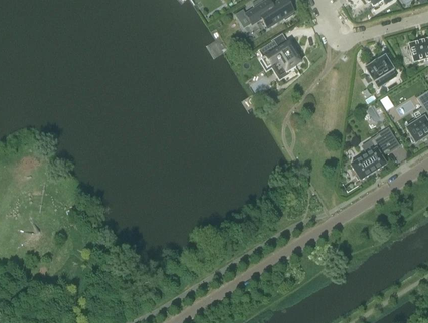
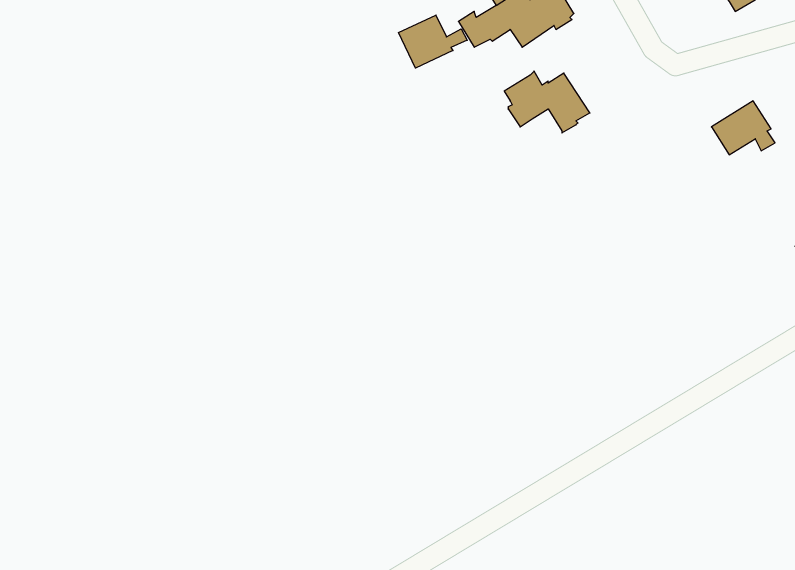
building: none -> [398,15,467,68]
building: [351,127,399,179] -> none

